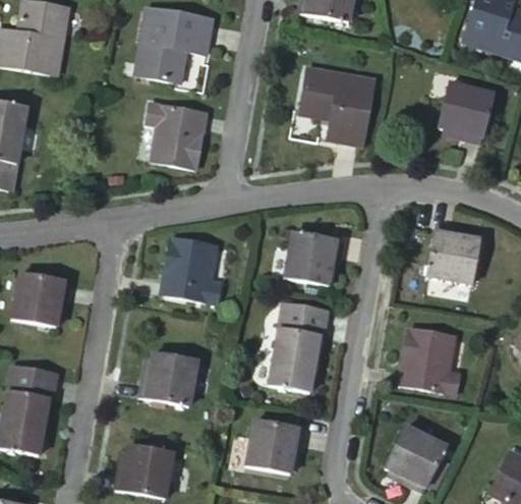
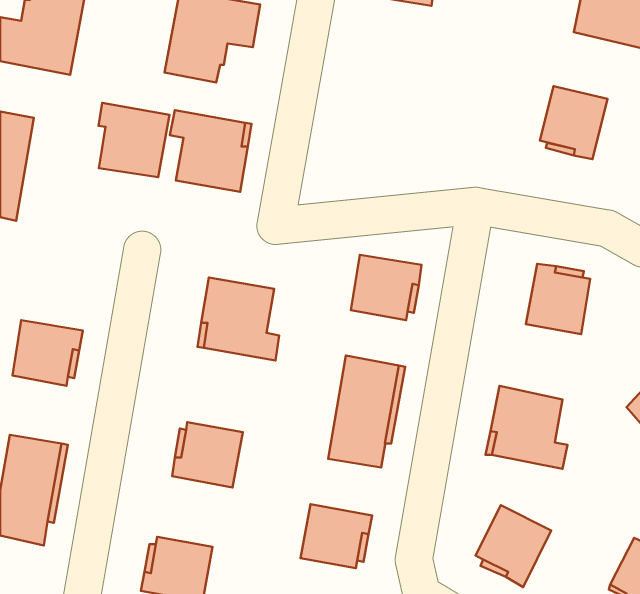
building: [301,67,375,146] -> none
building: none -> [99,103,169,177]

